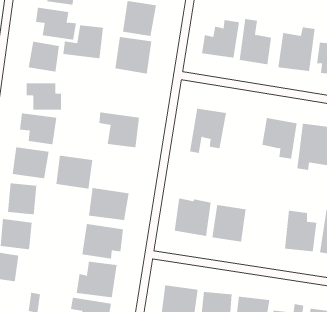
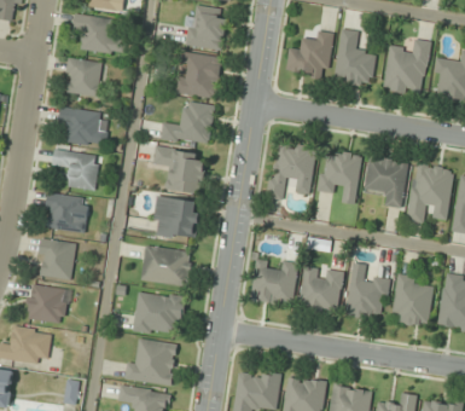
building: [62,25,104,59] -> [161,102,214,145]
building: none -> [319,150,362,203]
building: [55,155,93,189] -> [151,196,199,239]
building: none -> [345,262,389,320]

